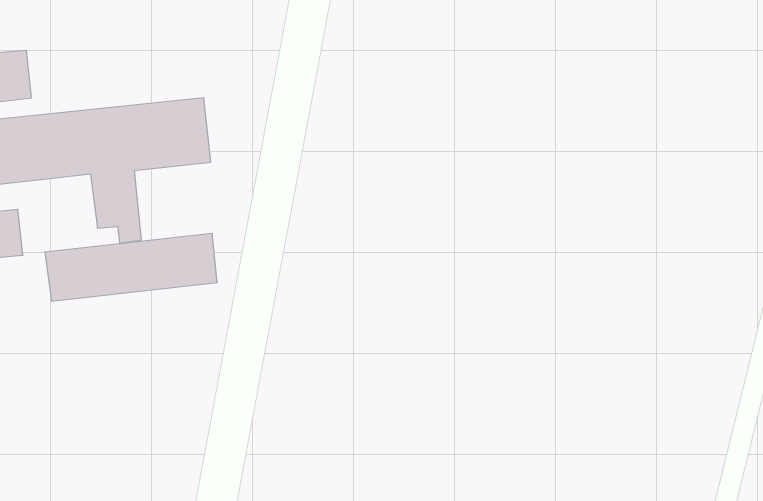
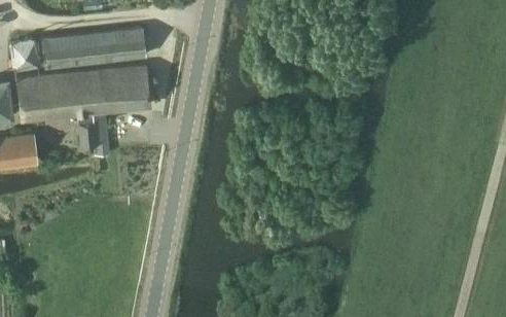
building: [45,234,217,301] -> [40,26,145,67]

